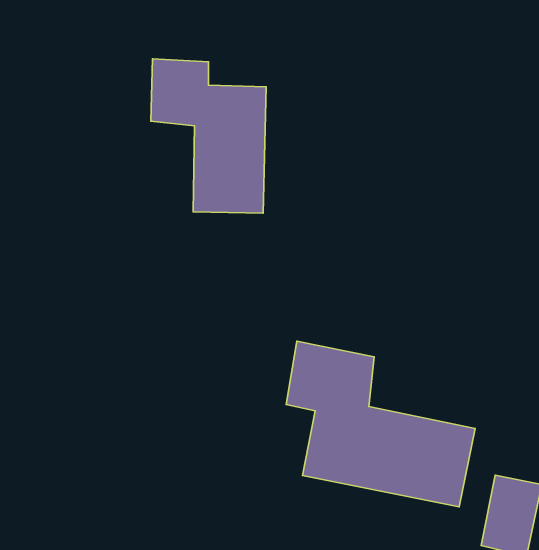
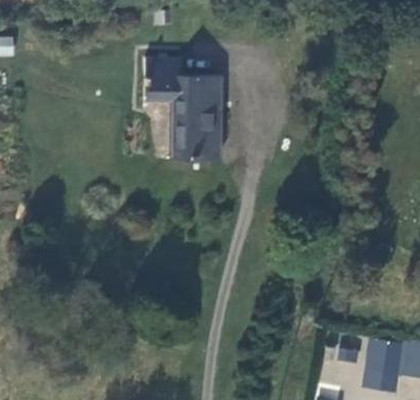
building: [286,341,475,507] -> none

